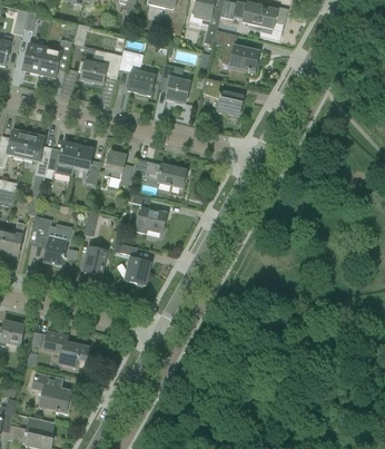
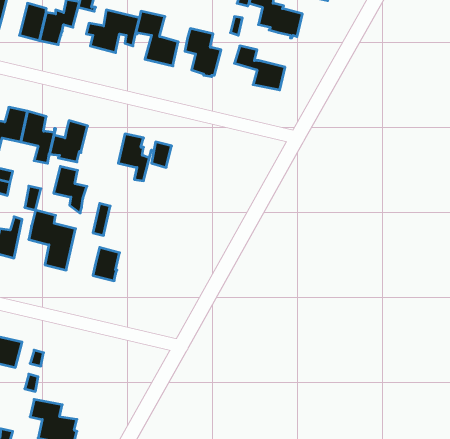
building: [73,145,101,184] -> [54,166,87,213]
building: [147,162,186,187] -> none
building: [131,194,166,232] -> none
building: [119,243,150,284] -> none
building: [43,331,89,367] -> none

